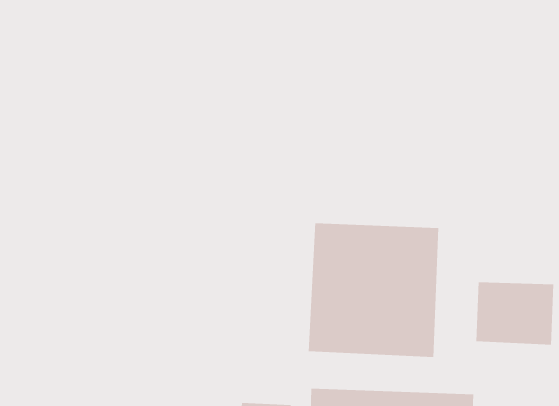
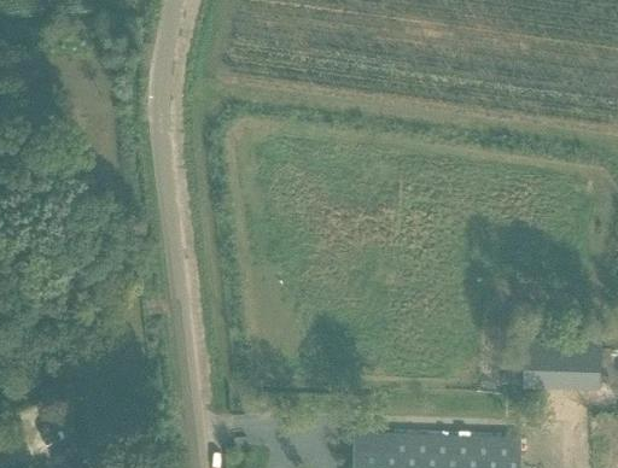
building: [308,223,439,358] -> none

